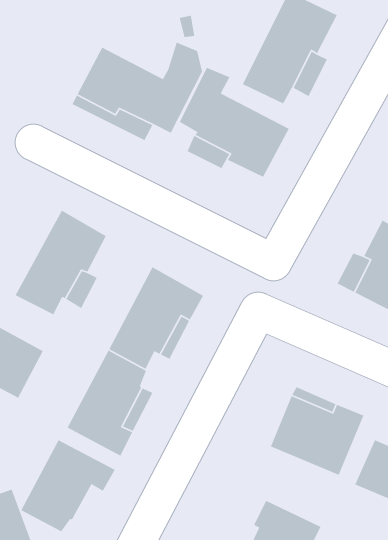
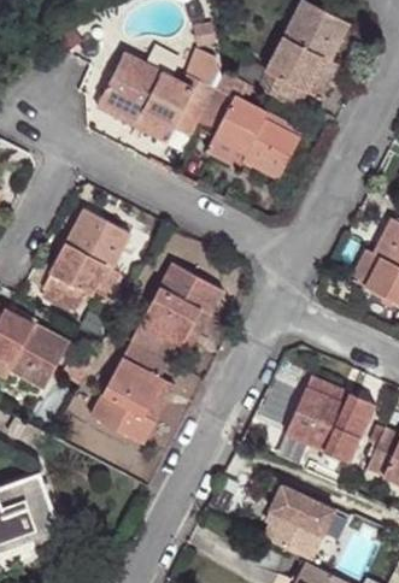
building: [20,439,116,533] -> none

